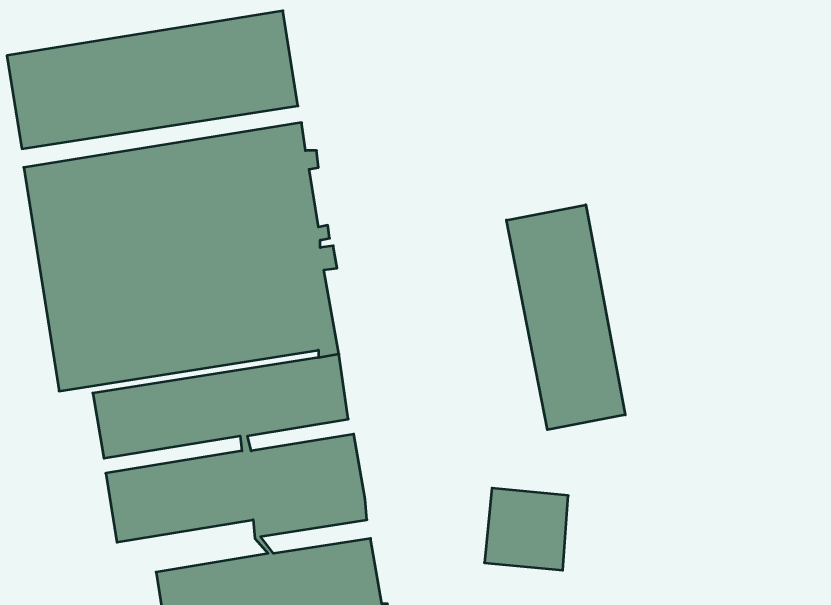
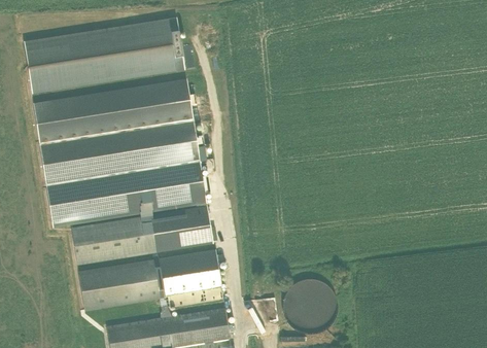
building: [506,205,625,430] -> none

